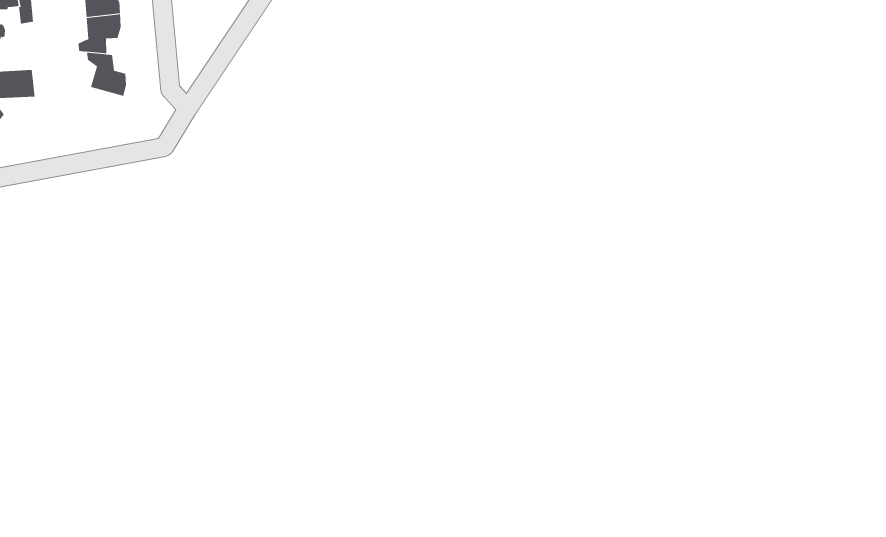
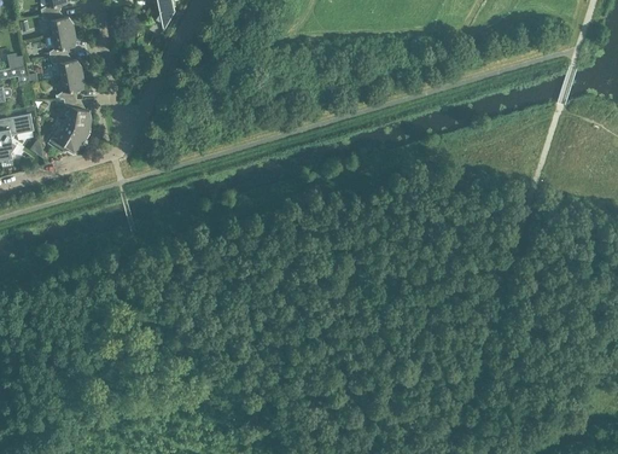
building: none -> [46,121,88,152]

